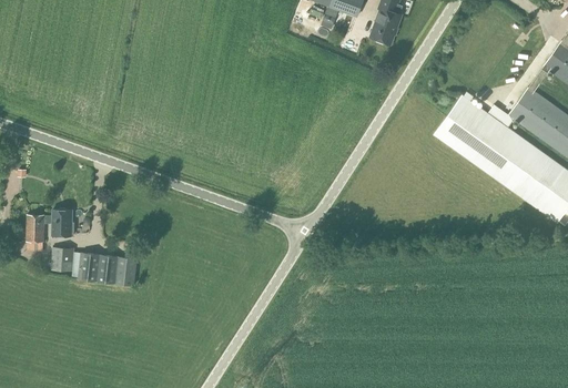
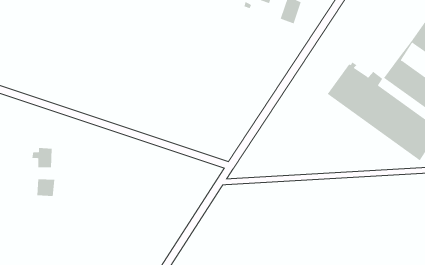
building: [27,211,45,246] -> none
building: [75,252,134,285] -> none

